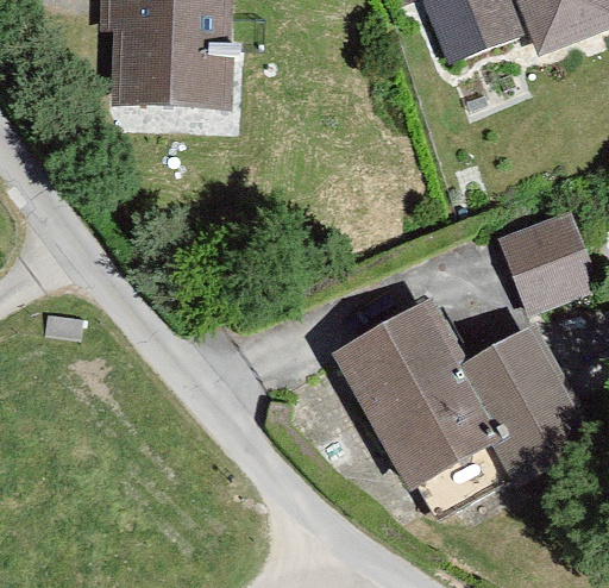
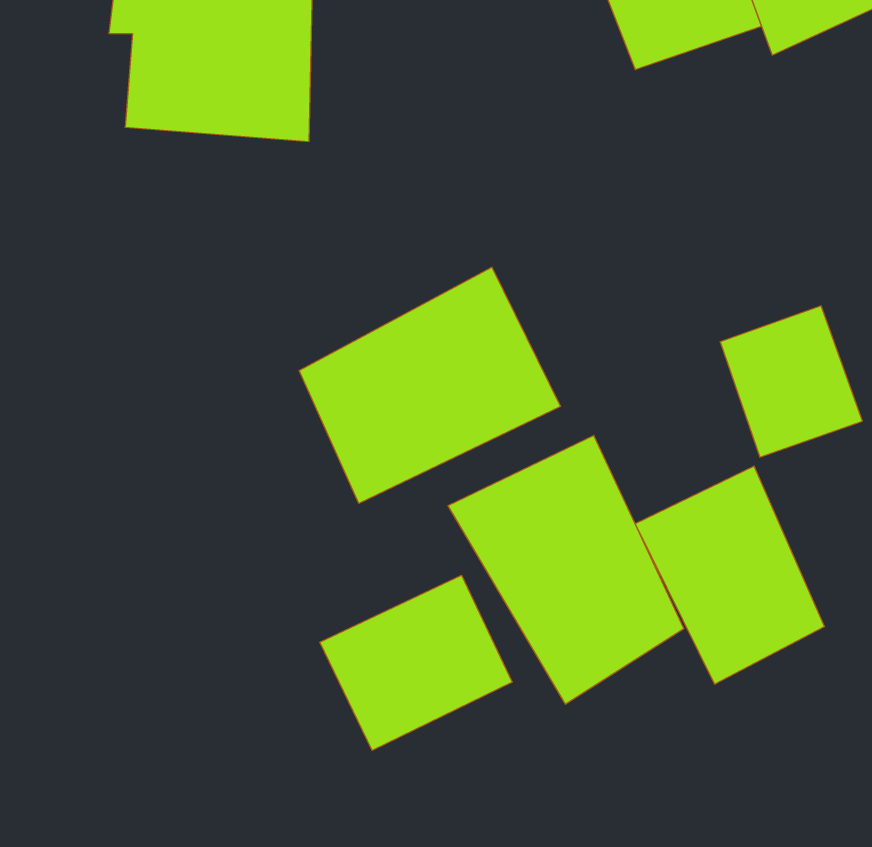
building: none -> [299,267,560,503]
building: none -> [320,575,512,750]

